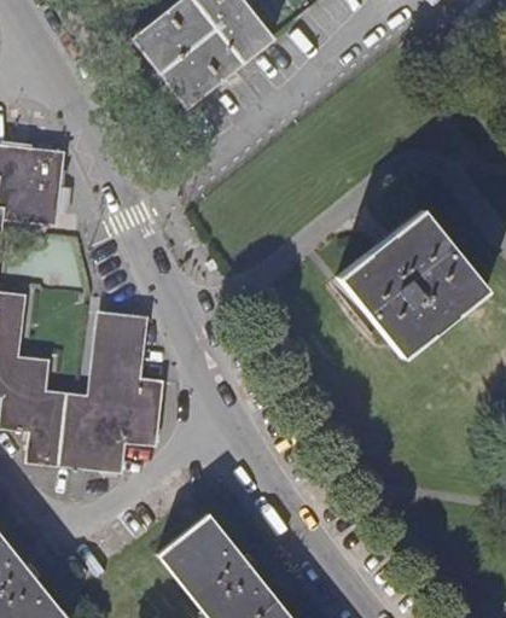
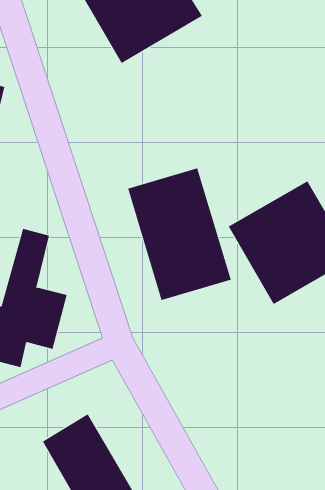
building: none -> [127,167,232,301]

